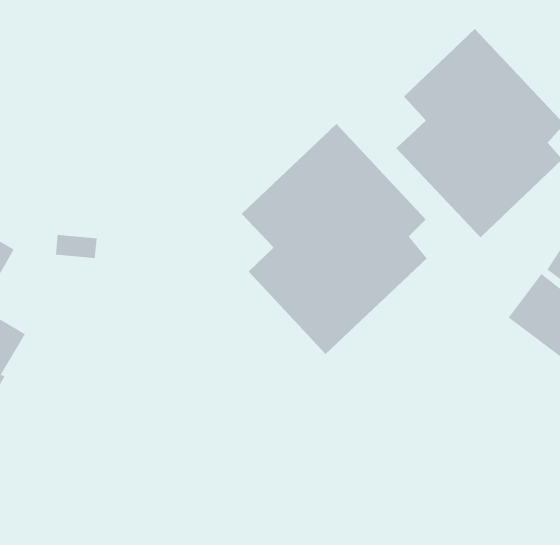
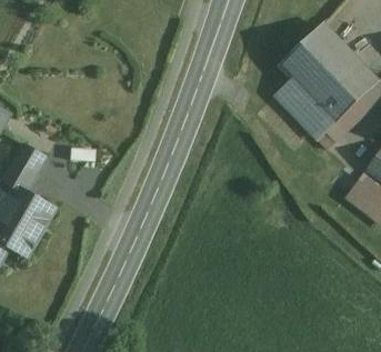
building: [241,123,428,355] -> none

